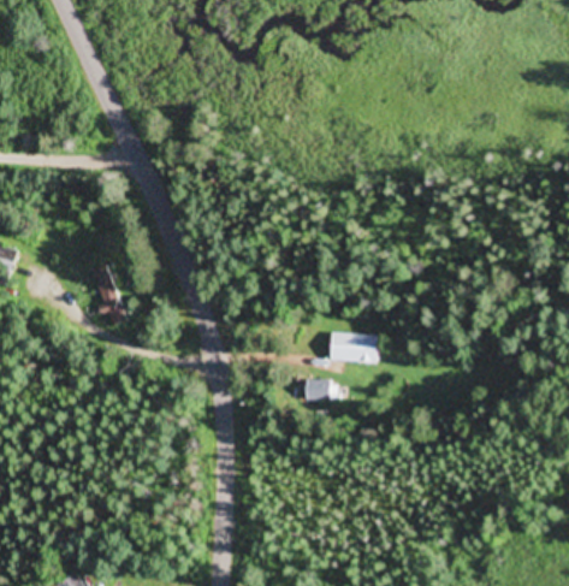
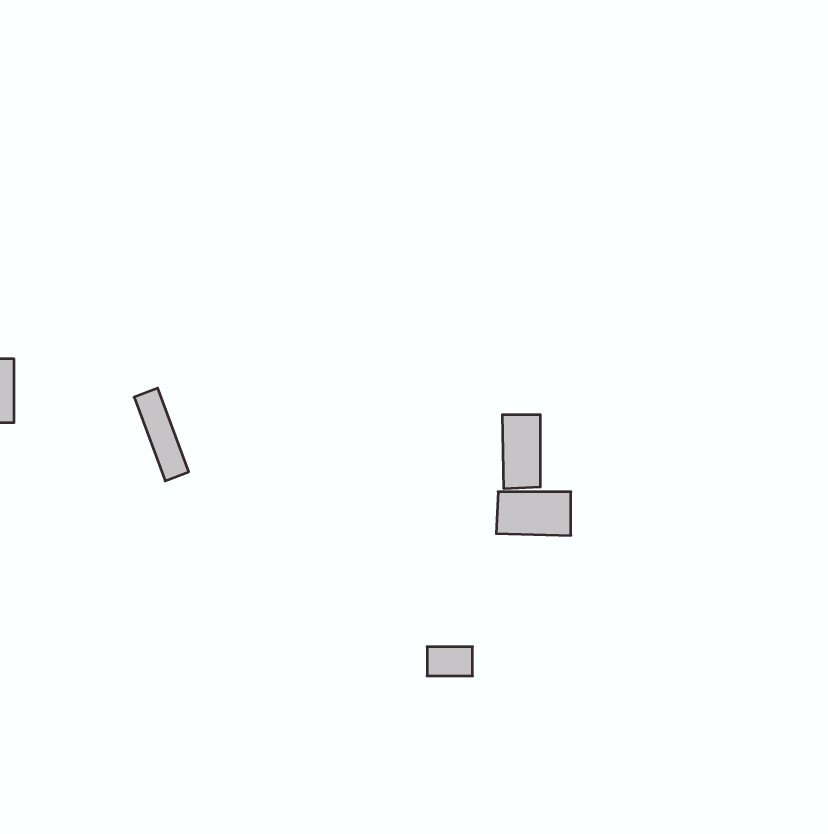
building: none -> [502,415,540,489]
building: [302,380,332,399] -> [427,647,473,676]

